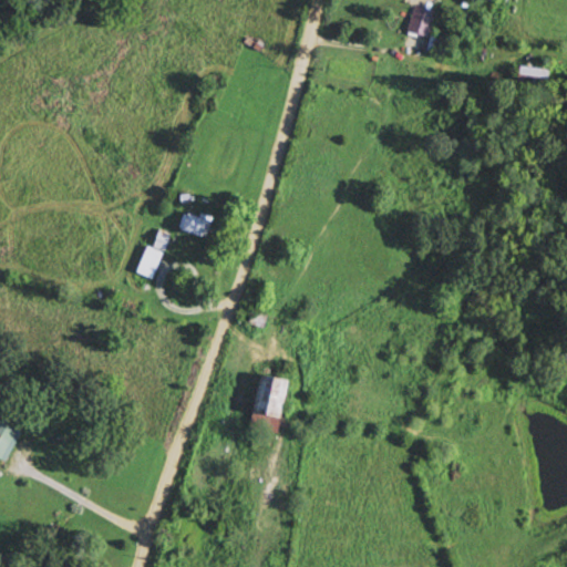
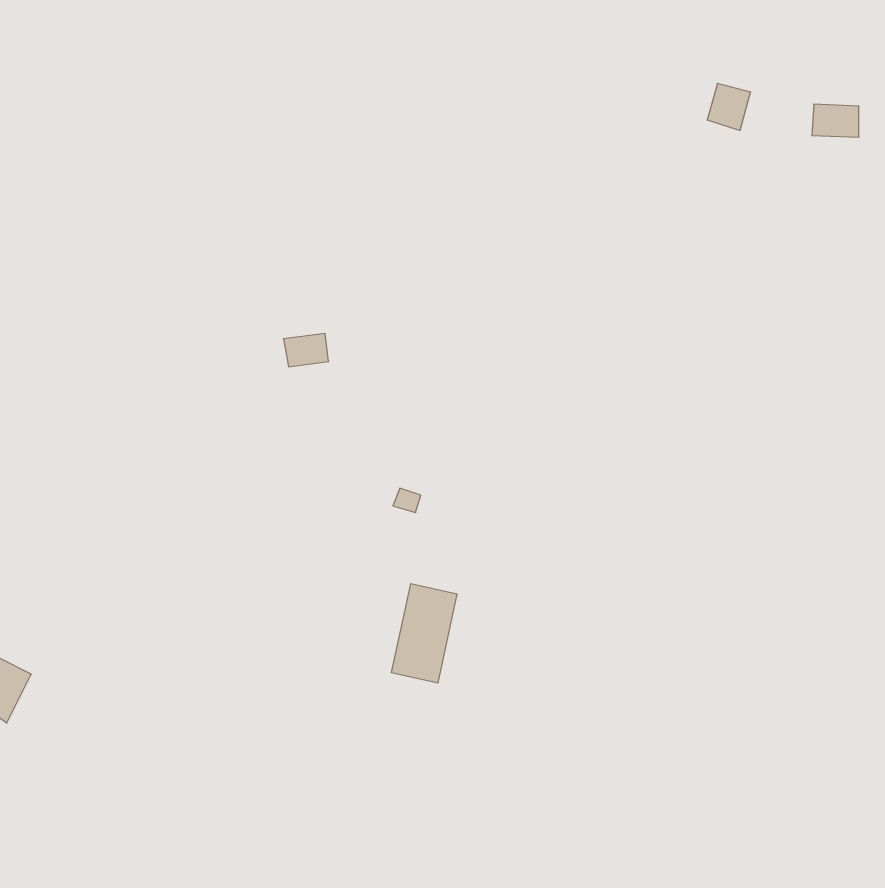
building: [406,6,434,35] -> [707,83,751,130]
building: [136,226,171,278] -> none

